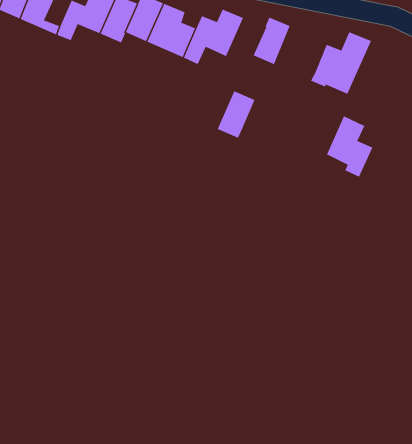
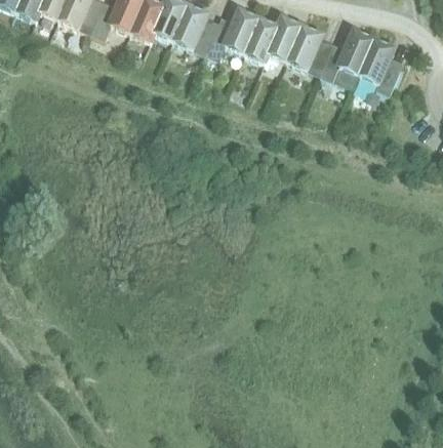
building: none -> [286,25,322,74]
building: [217,90,256,138] -> [243,17,278,60]
building: [326,116,373,177] -> [358,38,400,93]

